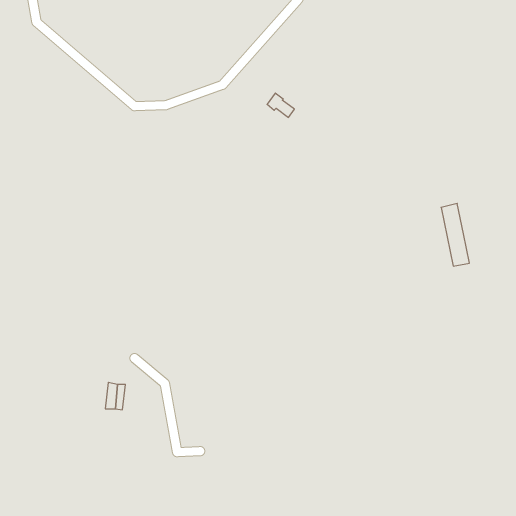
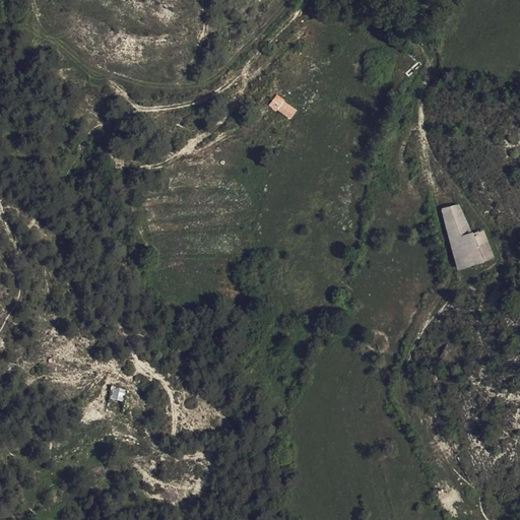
building: none -> [465,231,493,264]

